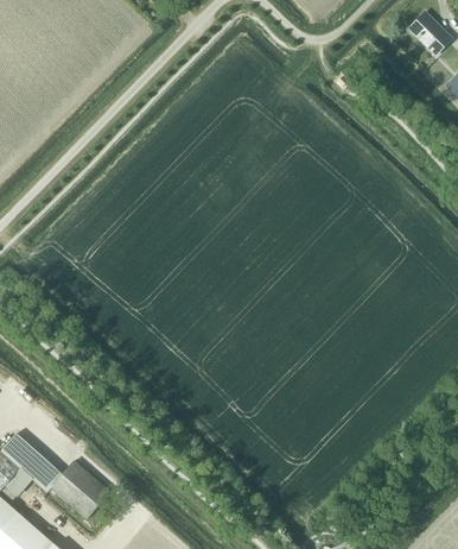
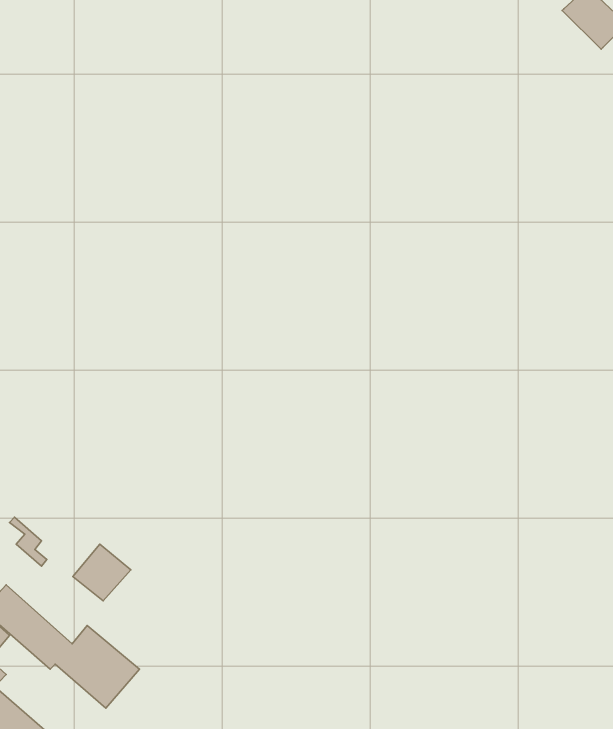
building: none -> [73,544,131,601]

